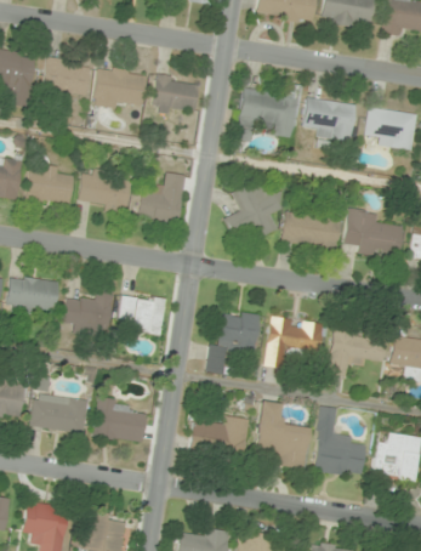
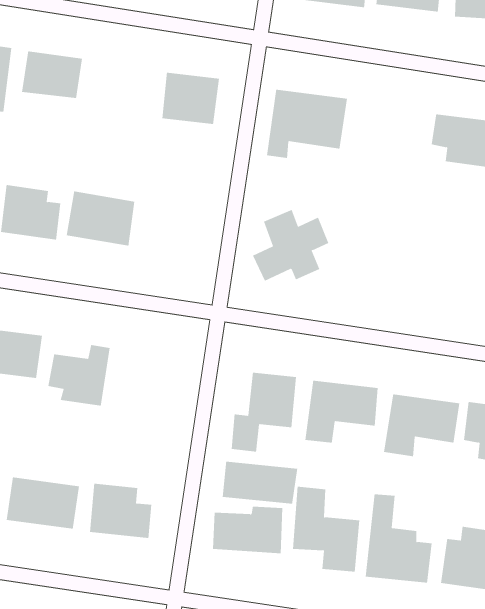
building: [93,66,148,109] -> none
building: [303,97,357,142] -> none
building: [138,172,187,222] -> none
building: [345,209,403,259] -> none
building: [281,211,341,250] -> none
building: [118,294,166,334] -> none
building: none -> [222,461,298,504]

